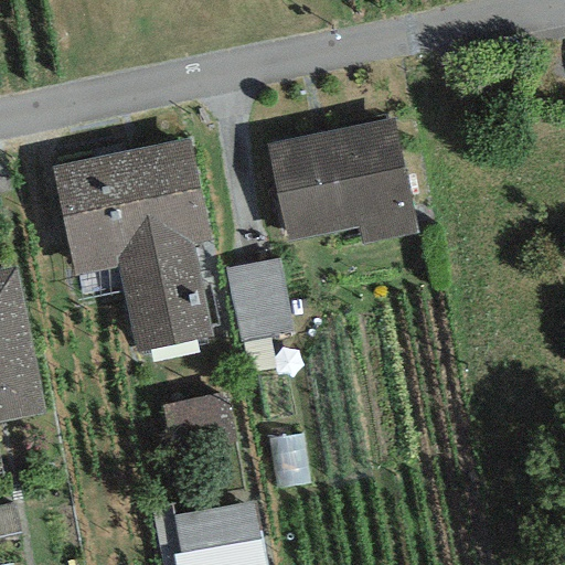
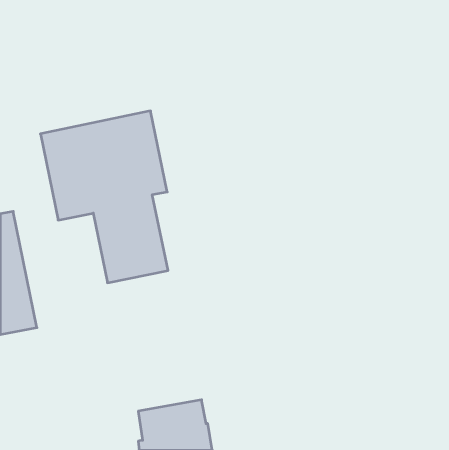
building: [266,117,418,245] -> none
building: [224,258,294,341] -> none

